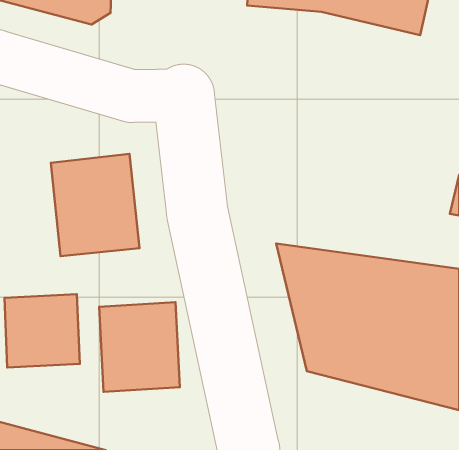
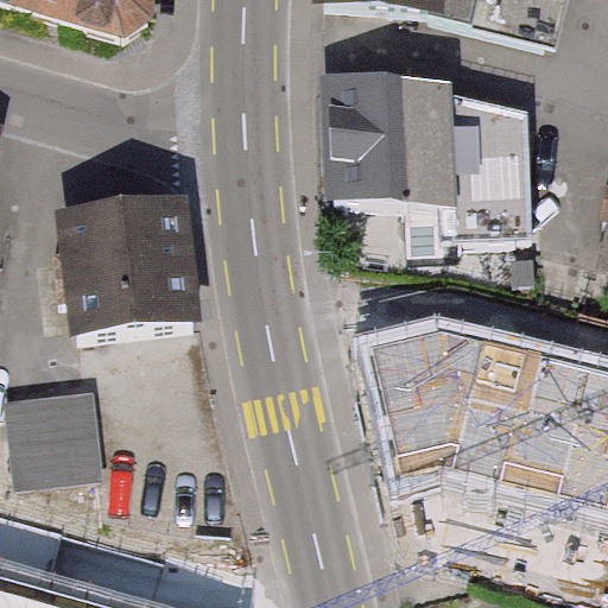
building: none -> [316,69,531,238]
building: [99,302,180,392] -> none

